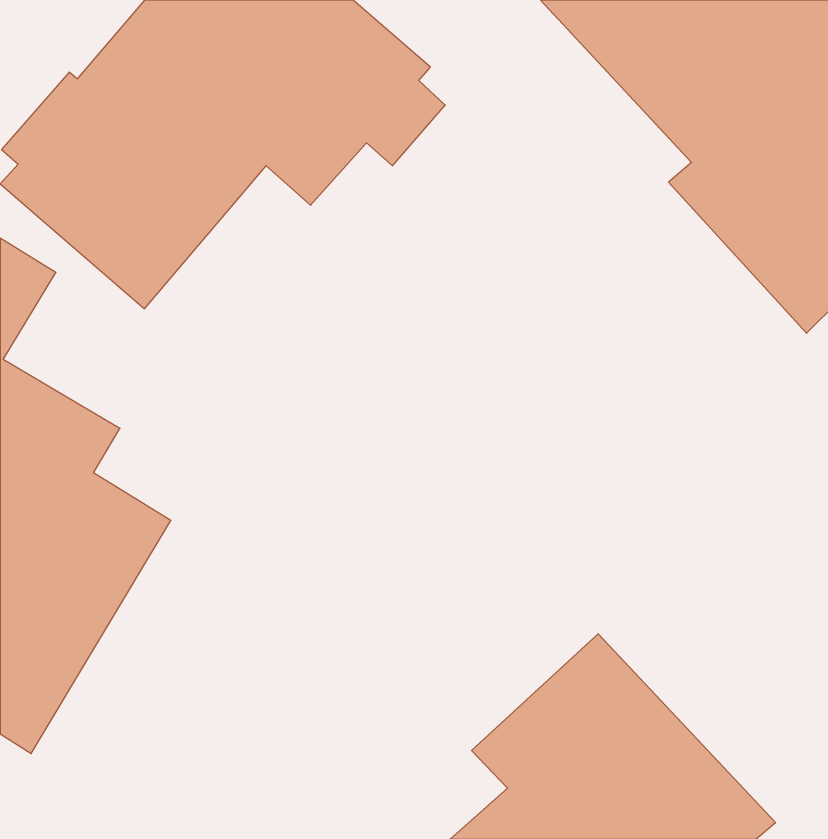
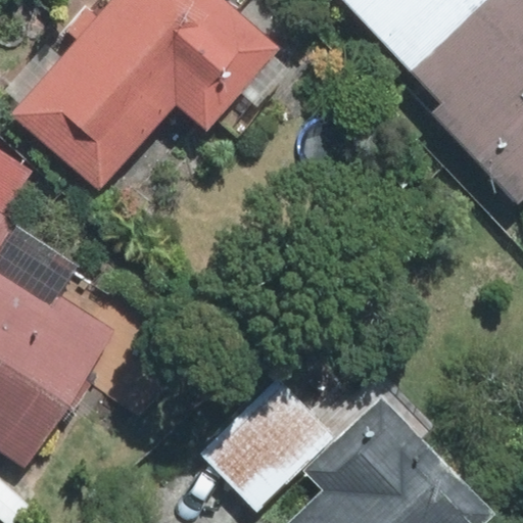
building: none -> [196,371,337,511]

